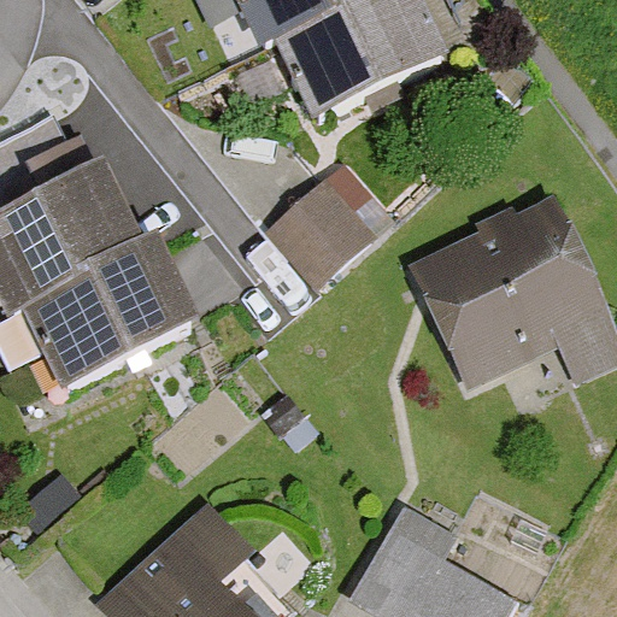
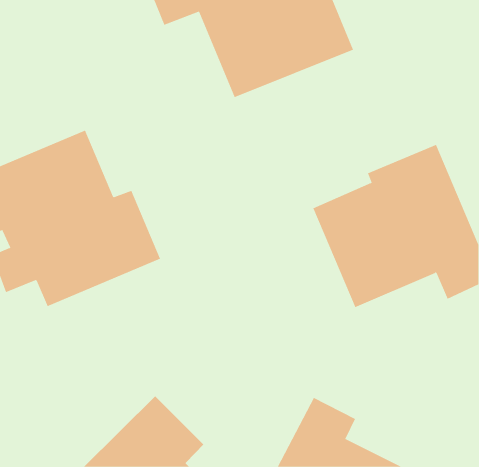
building: [268,164,389,287] -> none

